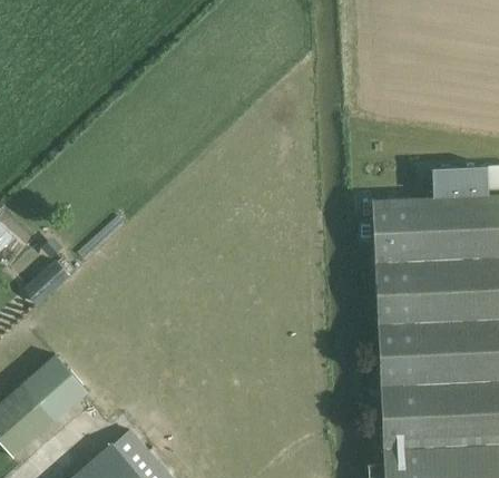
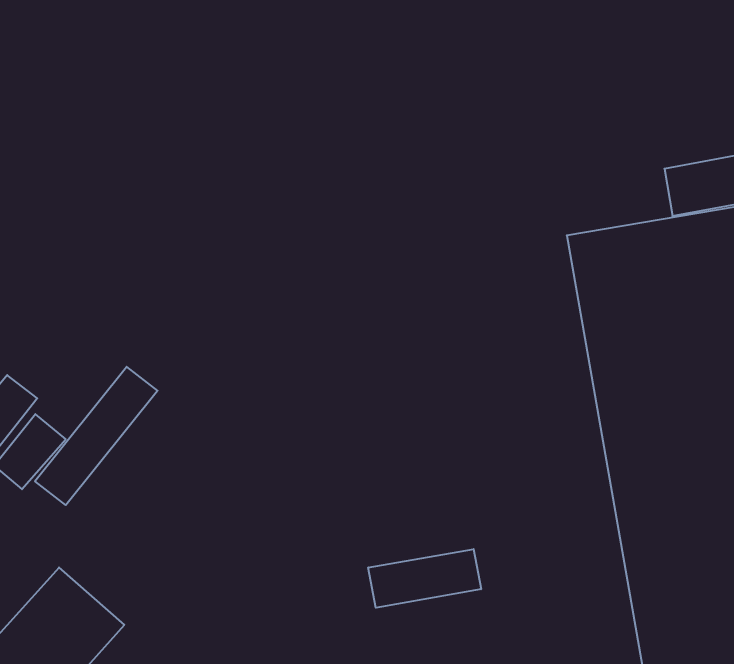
building: none -> [35,367,158,505]
building: none -> [368,549,481,608]

